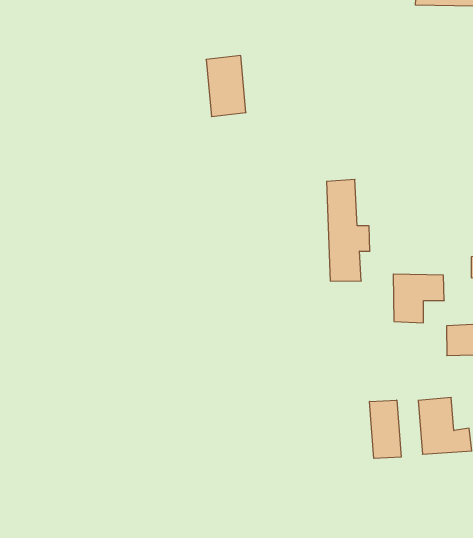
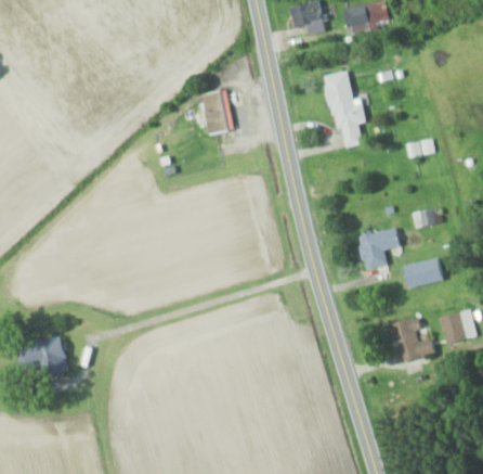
building: [327,179,370,281] -> [326,71,365,148]
building: [370,400,401,458] -> none

